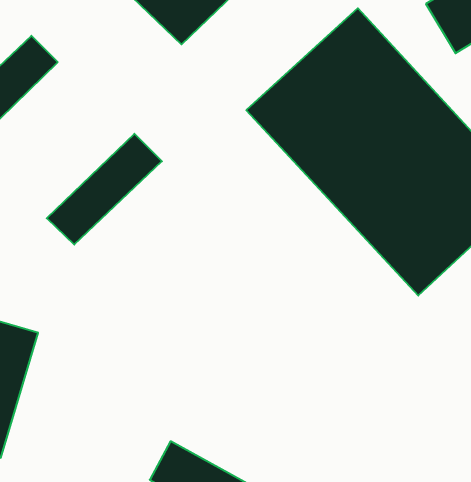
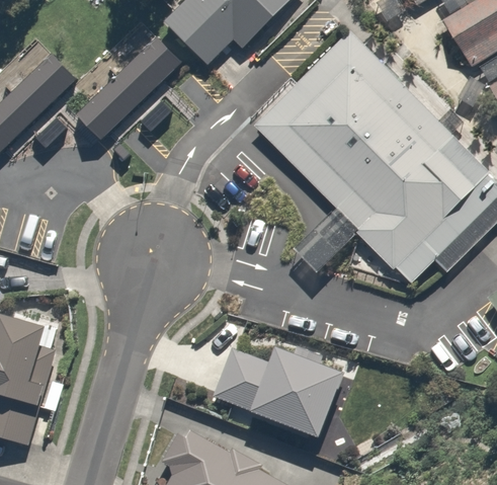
building: [47,134,162,245] -> [79,37,185,140]
building: none -> [210,336,343,432]

